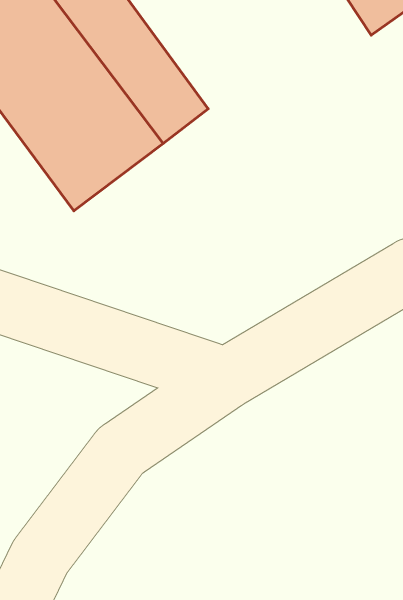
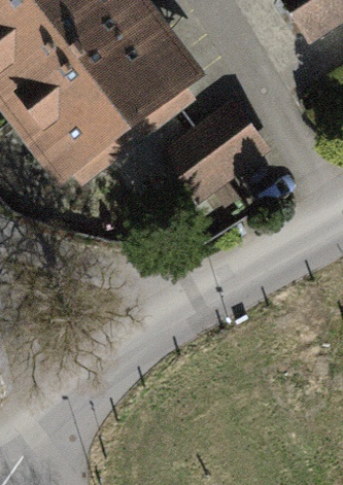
building: none -> [173,111,260,194]

